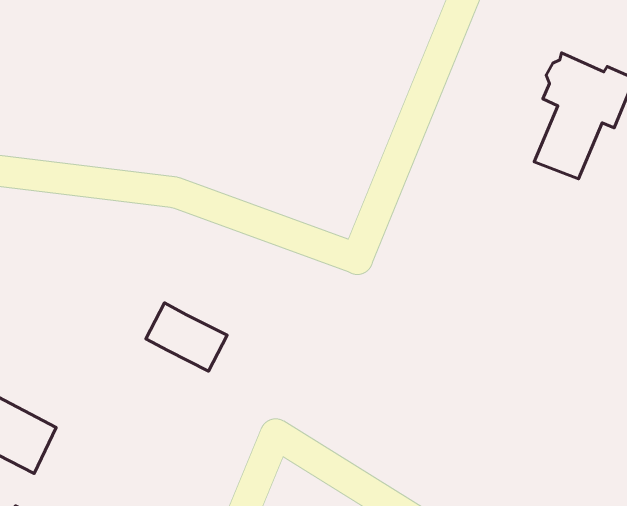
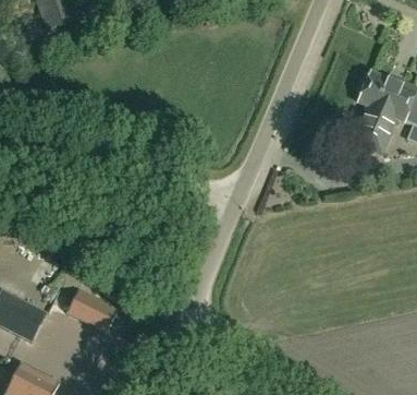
building: [146,303,227,371] -> [65,288,118,332]

